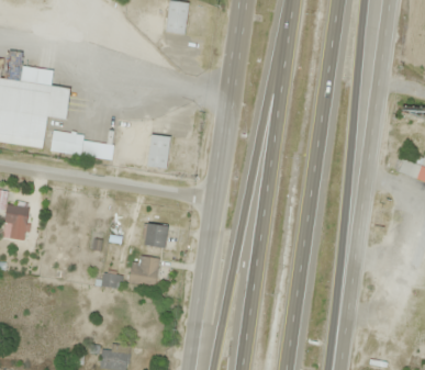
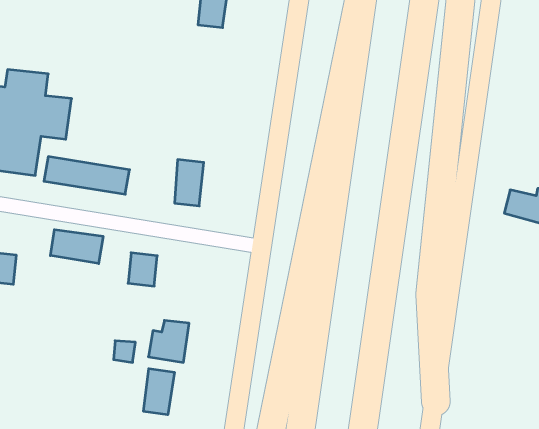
building: none -> [50,230,103,264]
building: [145,223,167,248] -> [128,253,157,286]
building: none -> [144,369,174,415]

